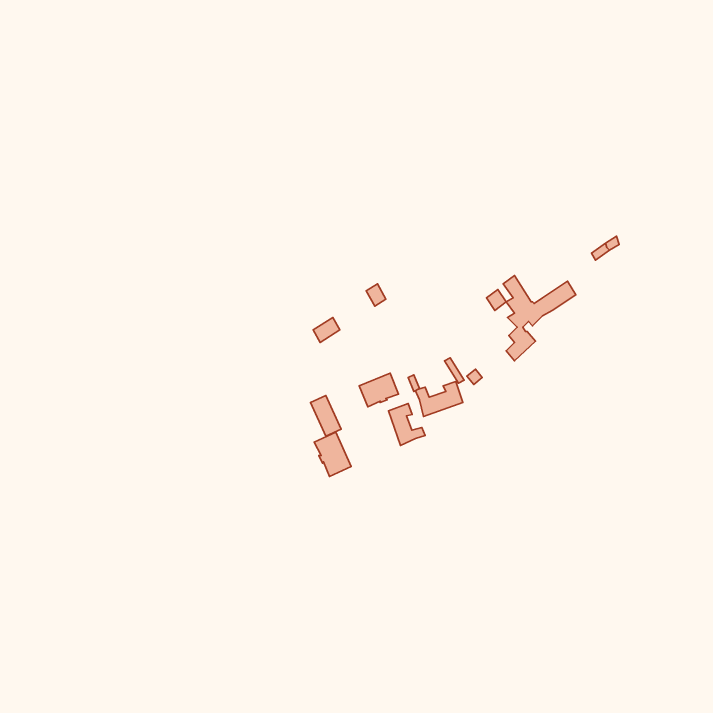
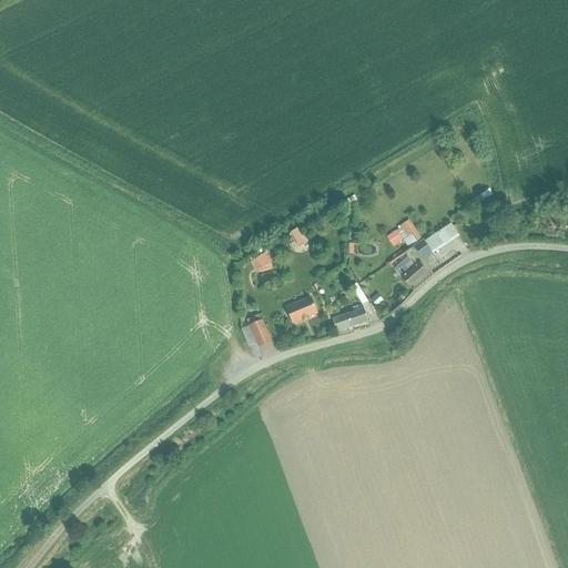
building: [388,403,425,445] -> none
building: [314,432,351,476] -> none

